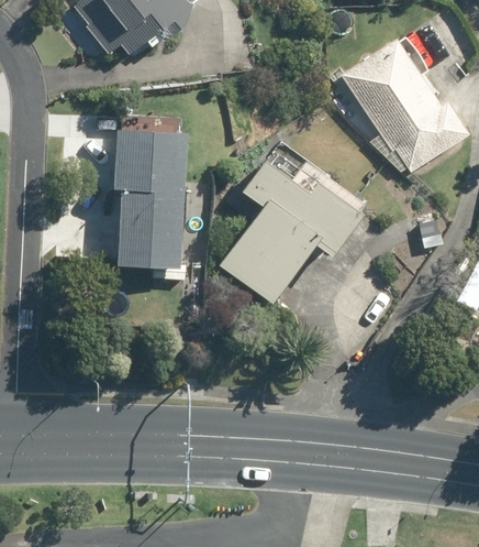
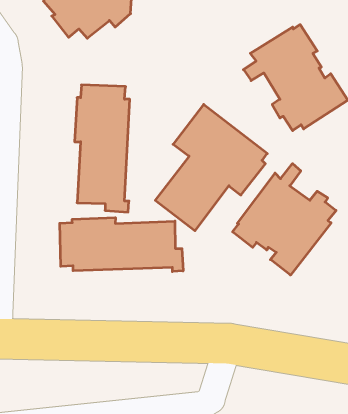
building: none -> [233,164,336,275]
building: none -> [60,218,183,272]

